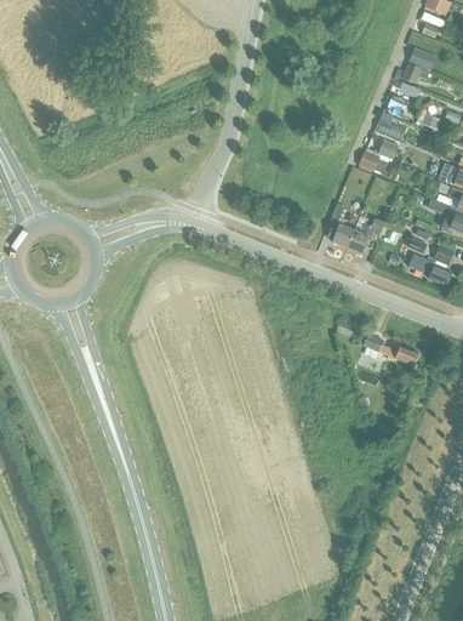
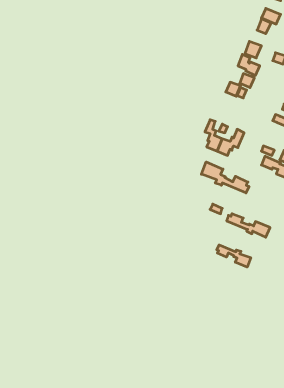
building: none -> [201,162,249,193]
building: none -> [217,245,251,267]

